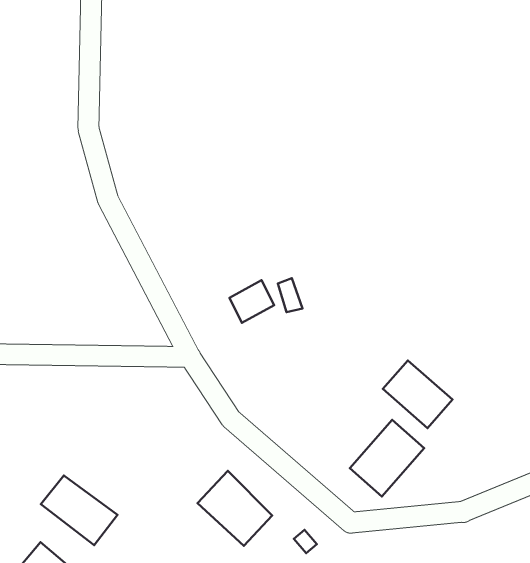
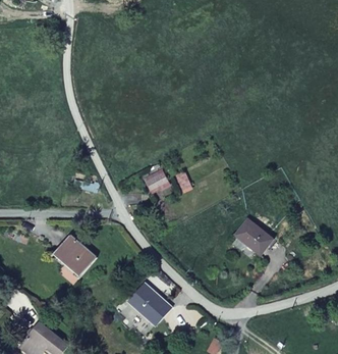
building: [350,420,424,496] -> none
building: [41,475,117,545] -> [54,235,98,274]

